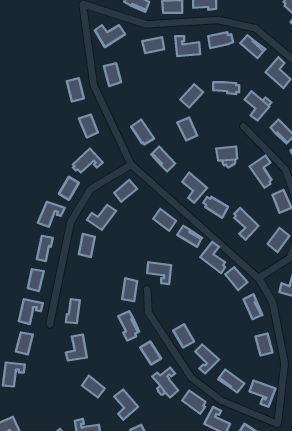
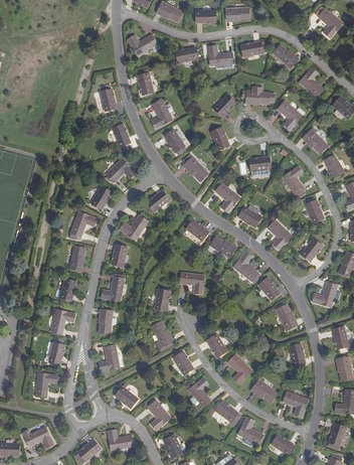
building: none -> [150,99,172,129]
building: none -> [101,274,124,301]

